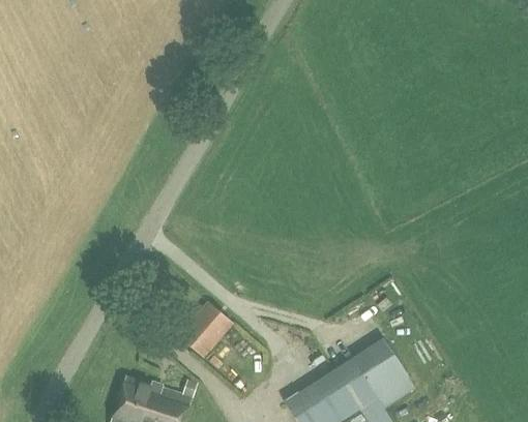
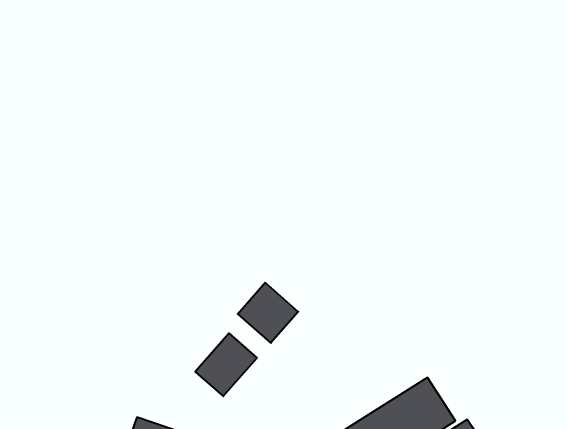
building: none -> [238,283,298,343]

